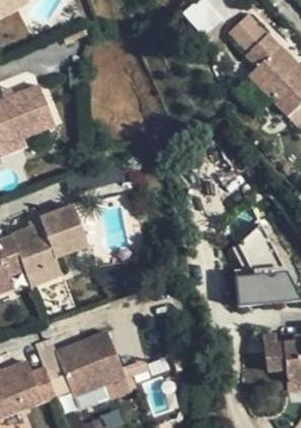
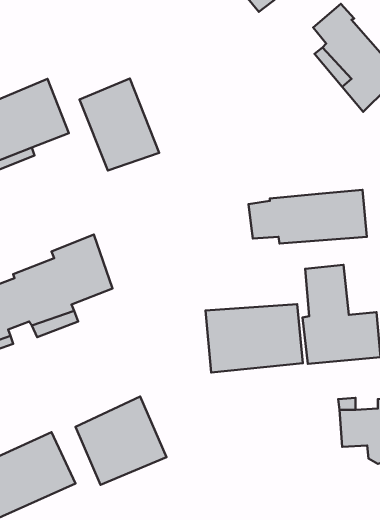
building: none -> [80,79,159,170]
building: none -> [249,190,367,243]
building: none -> [205,304,303,372]

